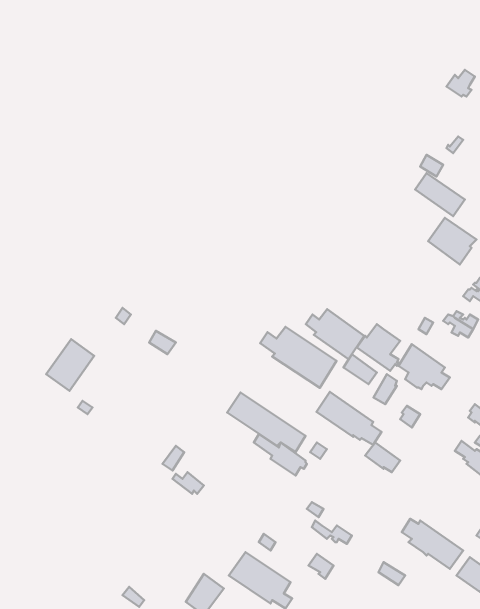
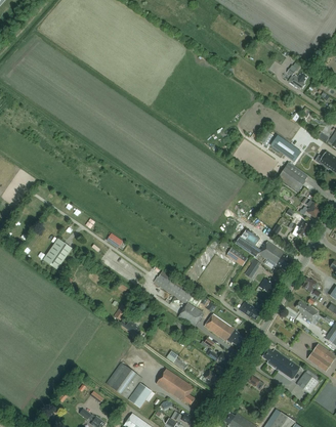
building: [306,309,364,359] -> none
building: [260,327,336,388] -> none
building: [317,392,381,445] -> [204,313,244,346]
building: none -> [104,362,142,399]

